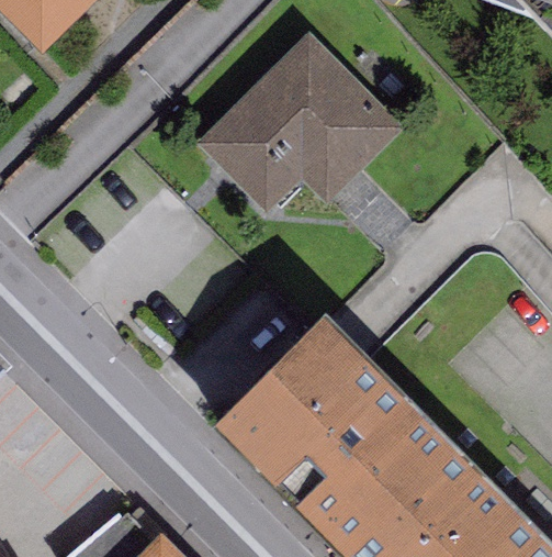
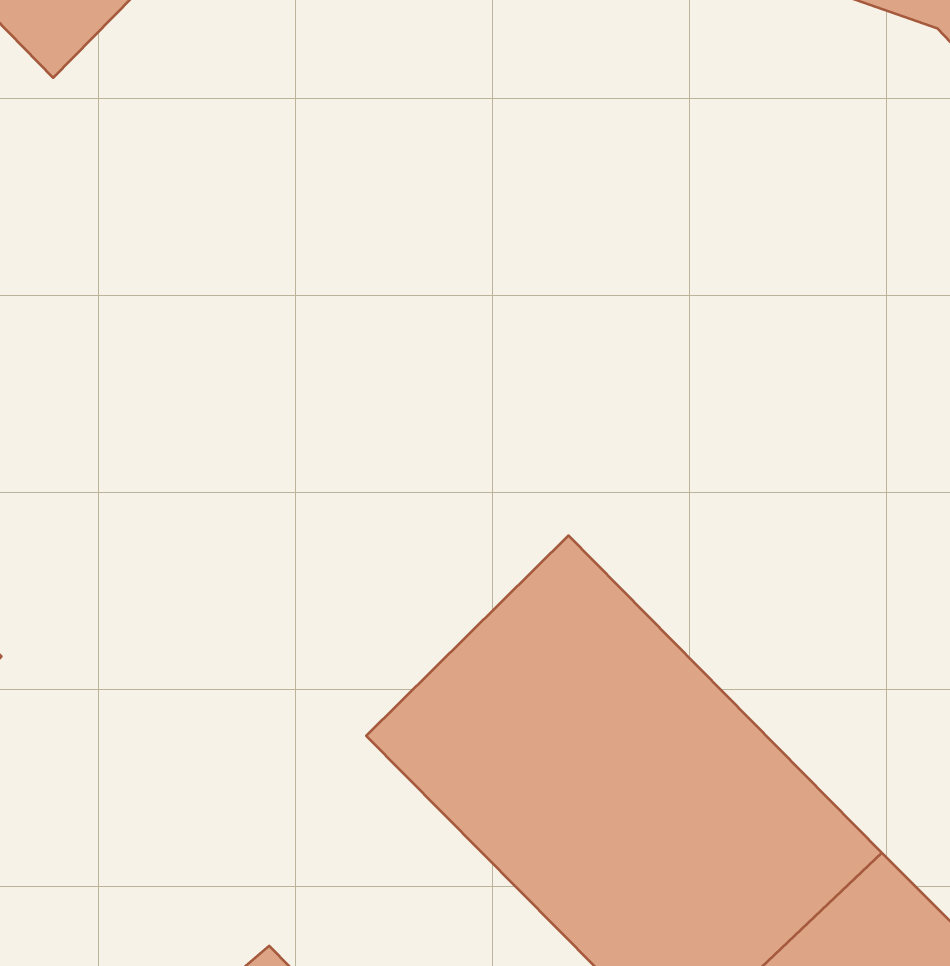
building: [195,35,402,218] -> none

